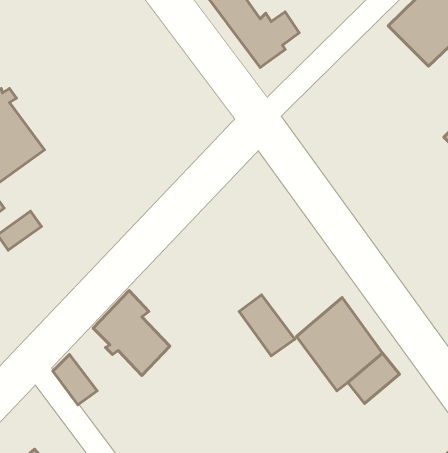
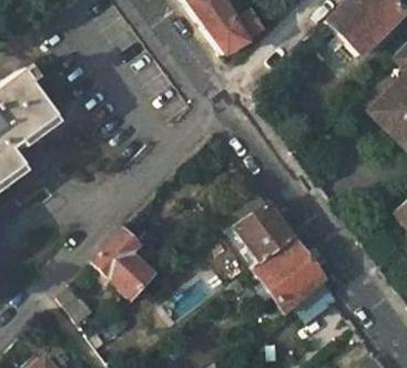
building: none -> [223,192,293,263]

